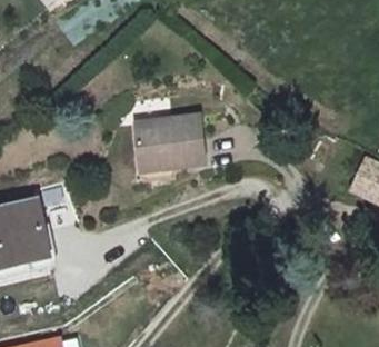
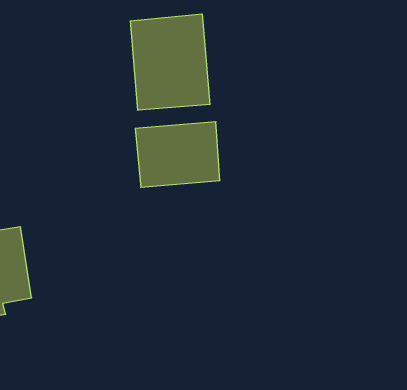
building: none -> [130,14,210,110]

